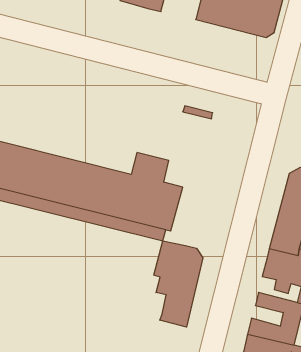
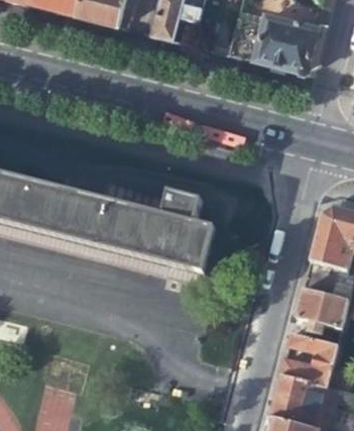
building: [154,241,203,327] -> none

